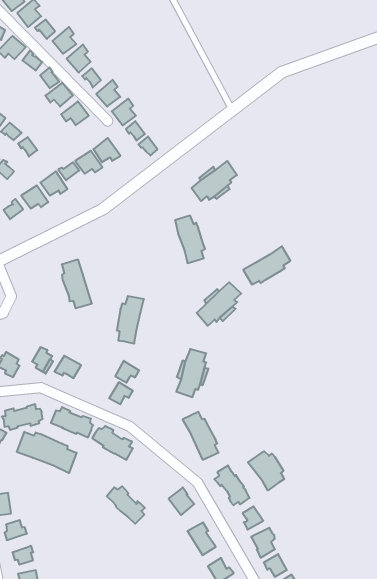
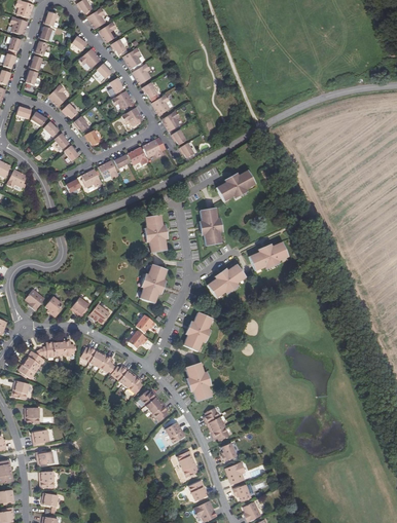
building: [62,260,92,308] -> [146,214,167,252]
building: [17,432,77,473] -> none
building: [248,451,284,490] -> none
building: [107,486,145,524] -> [139,390,168,421]

